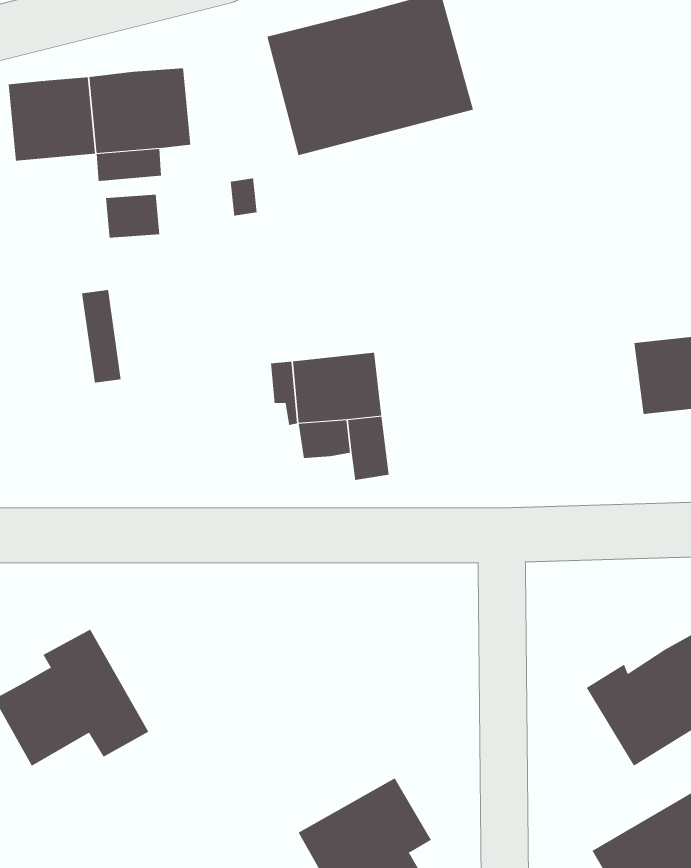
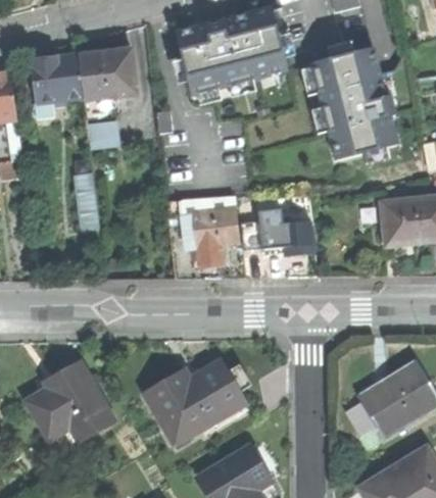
building: none -> [314,48,398,162]
building: none -> [244,205,312,257]
building: none -> [143,361,241,442]

